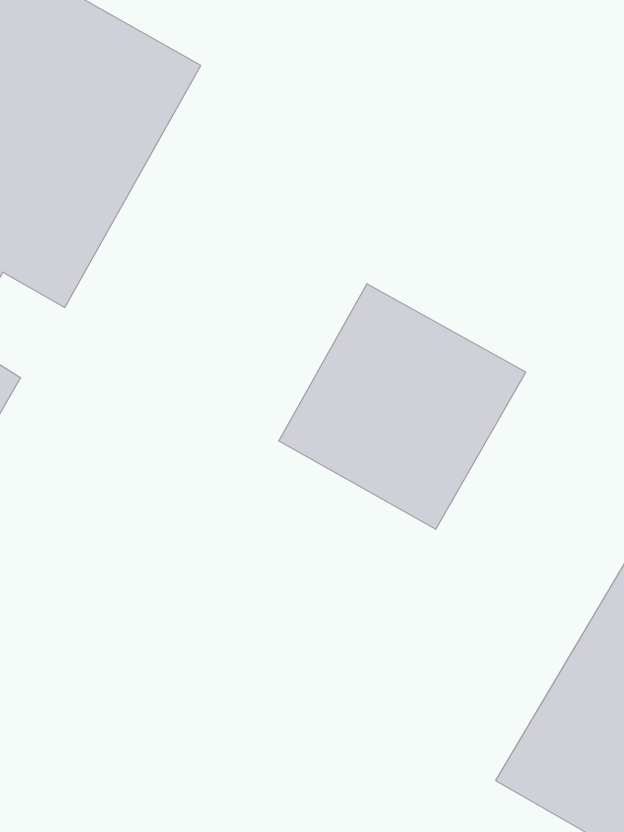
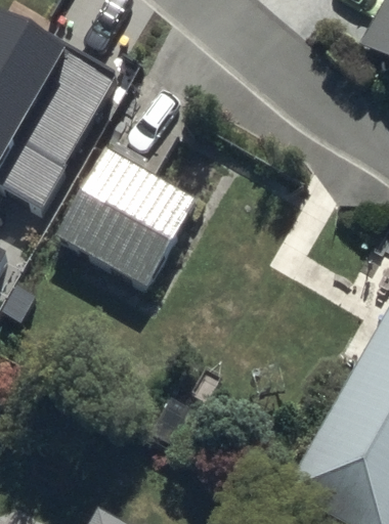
building: [279,284,526,529] -> [53,145,197,288]

